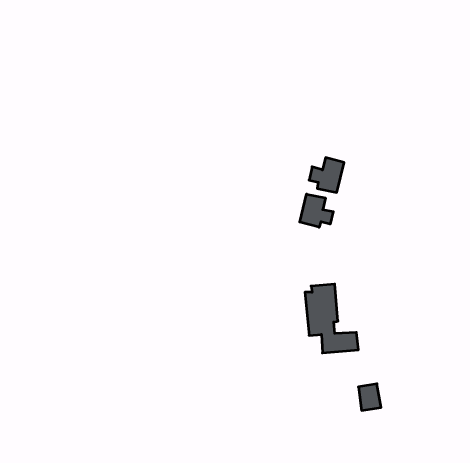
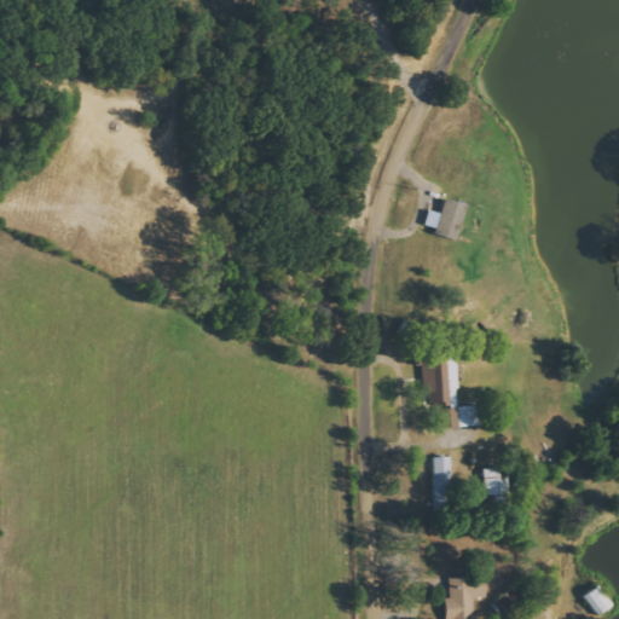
building: [300,194,333,227] -> none
building: none -> [433,457,451,511]

